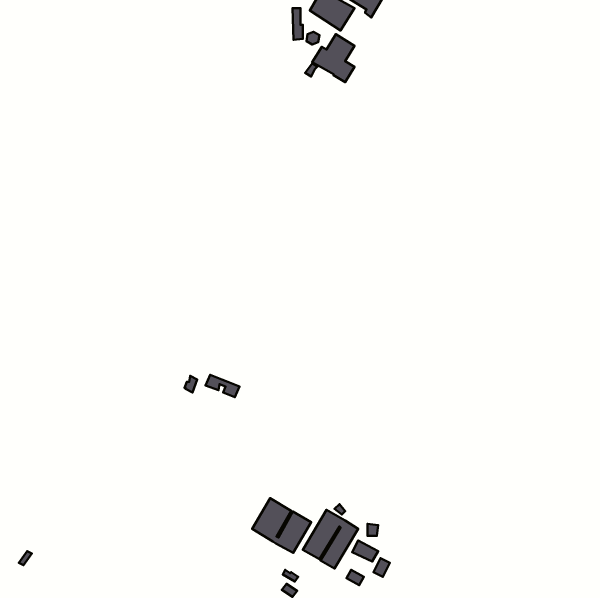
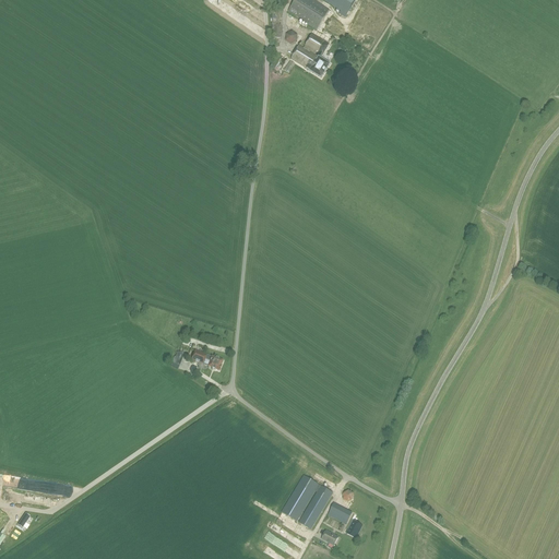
building: [252,498,311,553] -> none

